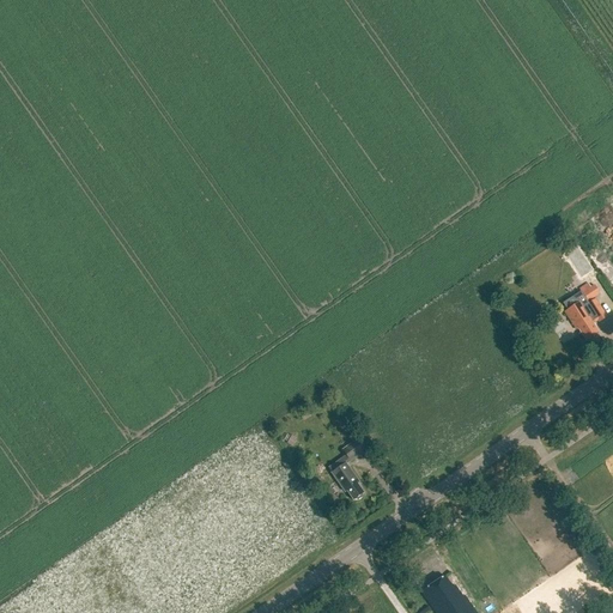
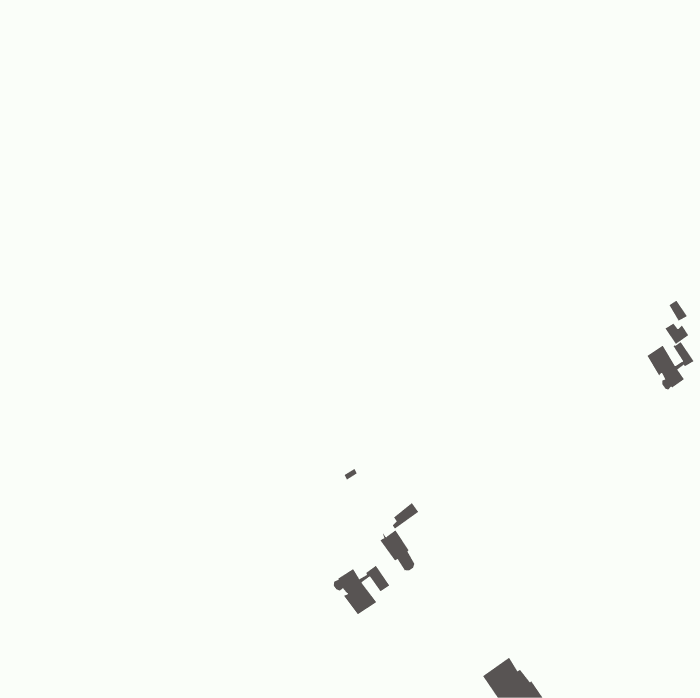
building: none -> [333,565,390,615]

